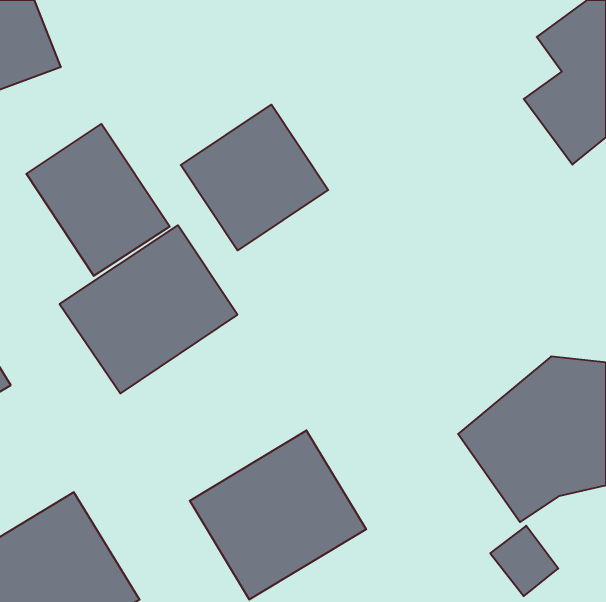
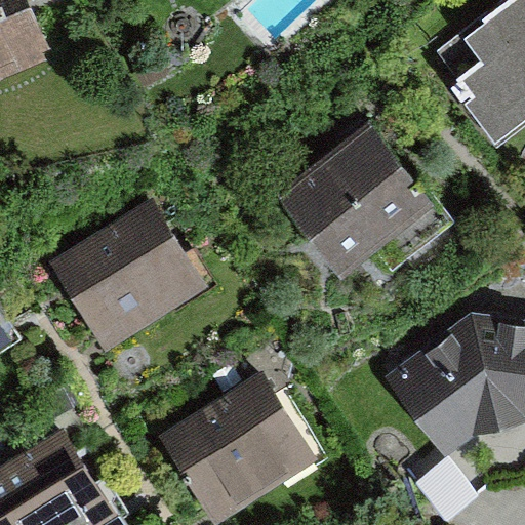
building: [181,105,328,250] -> none
building: [26,124,170,276] -> none
building: none -> [276,123,455,278]

